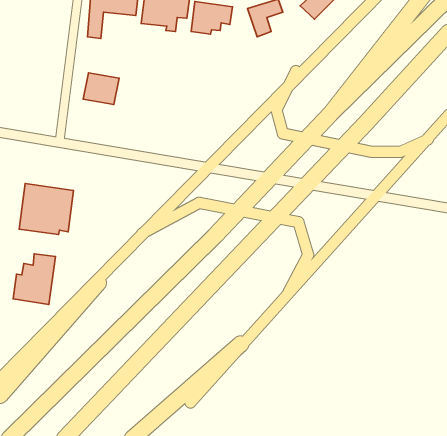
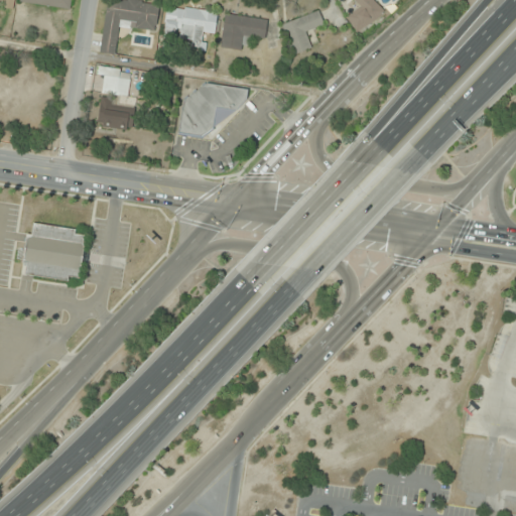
building: none -> [98,68,142,96]
building: none -> [178,82,246,138]
building: [13,254,55,305] -> none

